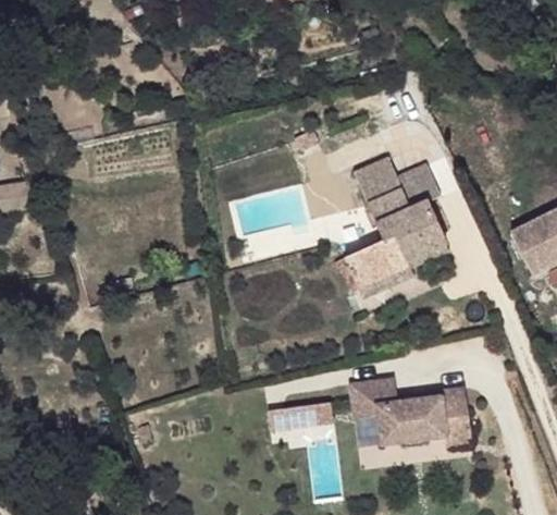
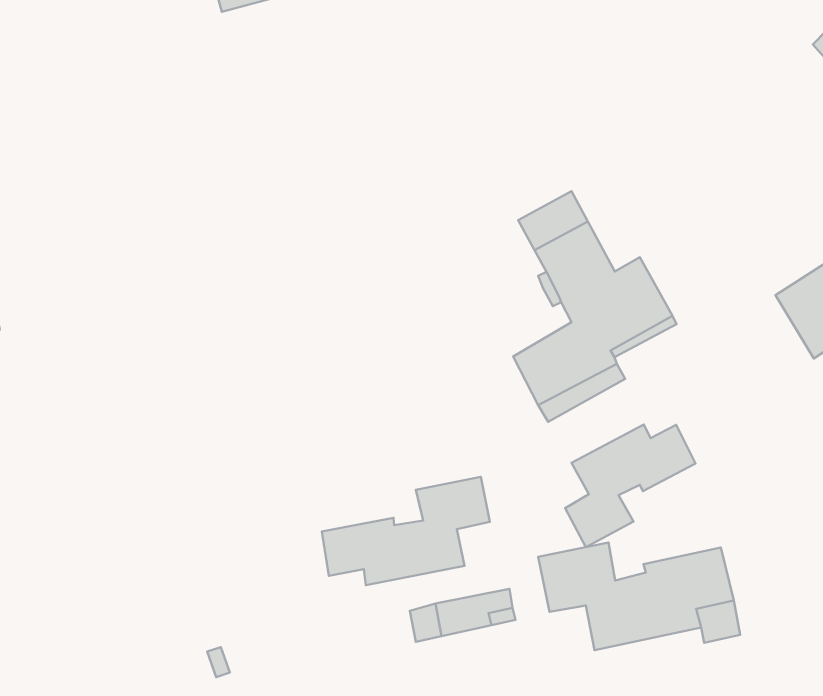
building: [397,163,441,209] -> none
building: none -> [565,424,695,547]
building: none -> [322,477,490,585]

